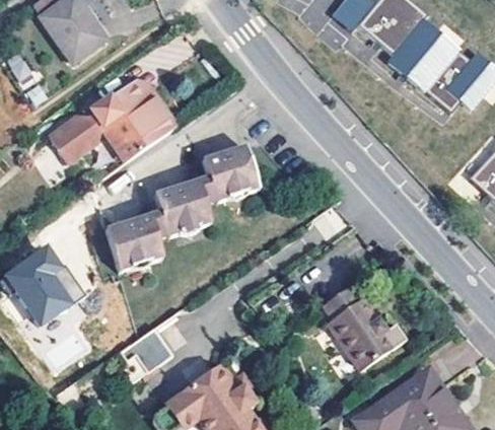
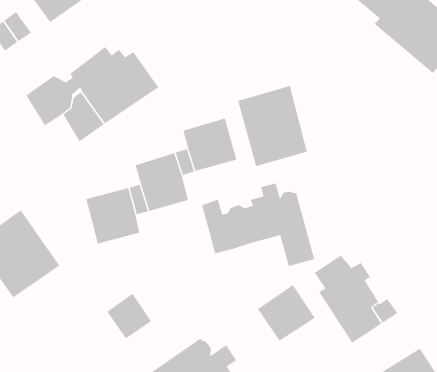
building: none -> [238,85,307,167]
building: none -> [202,182,315,267]
building: none -> [257,284,315,341]

